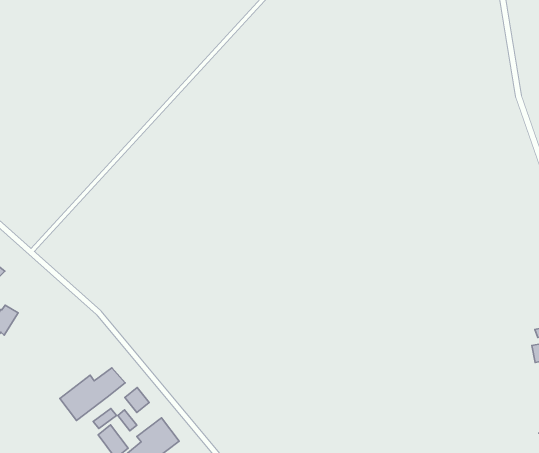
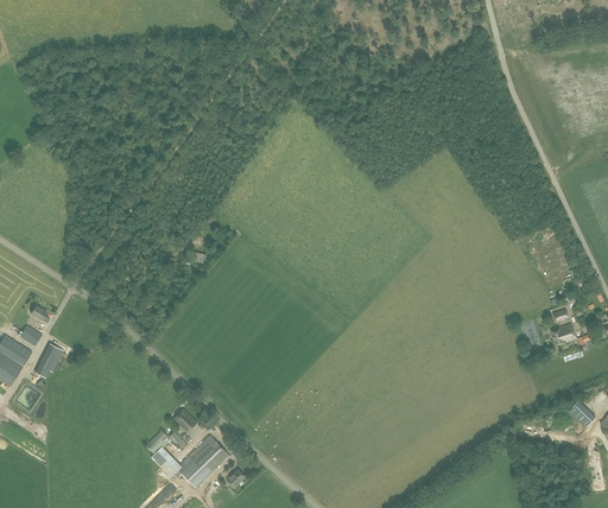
building: [60,368,125,420] -> none

